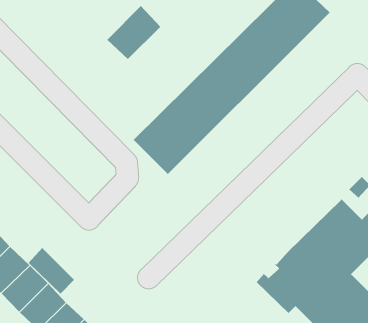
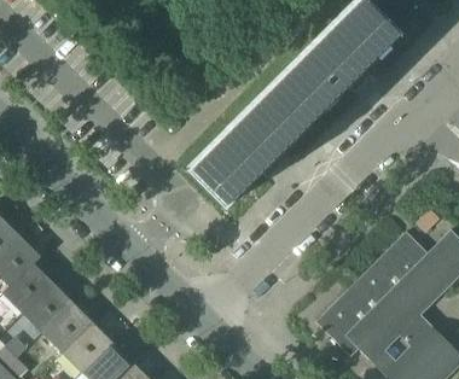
building: [106,5,161,60] -> none
building: [28,247,75,294] -> none

